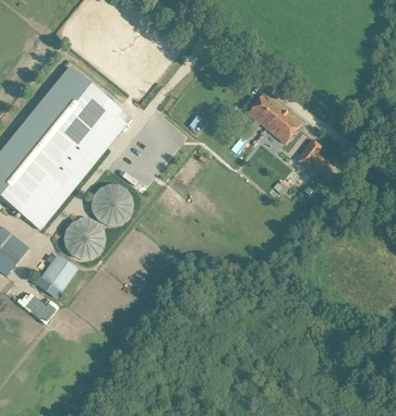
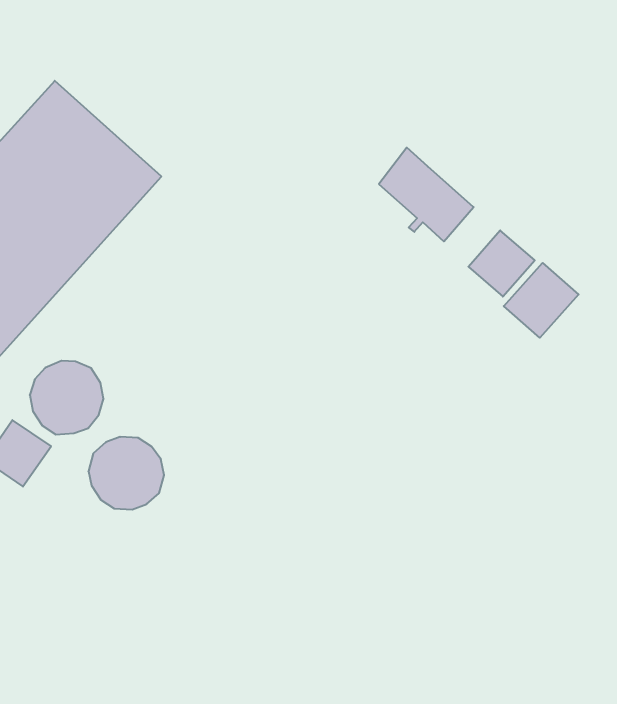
building: none -> [504,263,579,338]
building: [92,185,133,224] -> [88,437,164,510]

